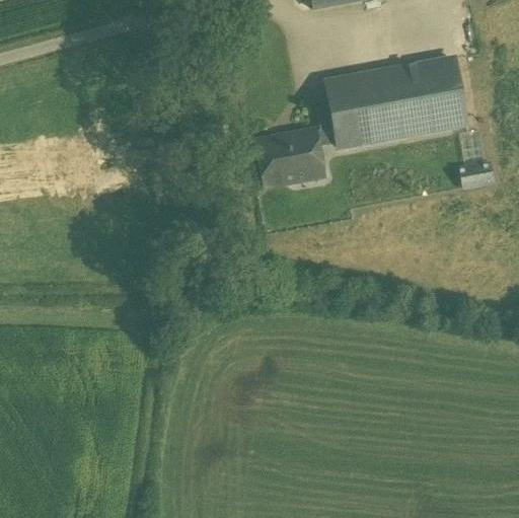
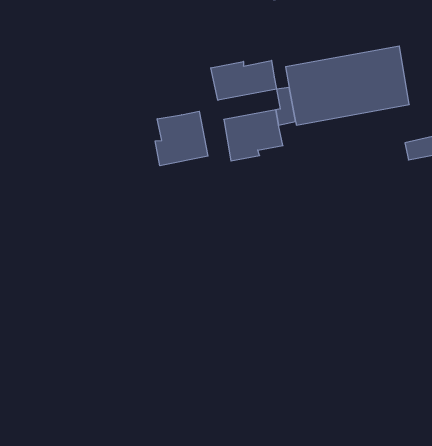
building: none -> [211,60,277,100]
building: none -> [155,111,208,166]

